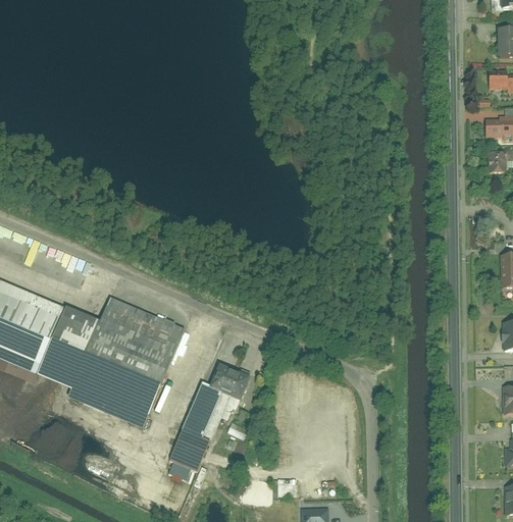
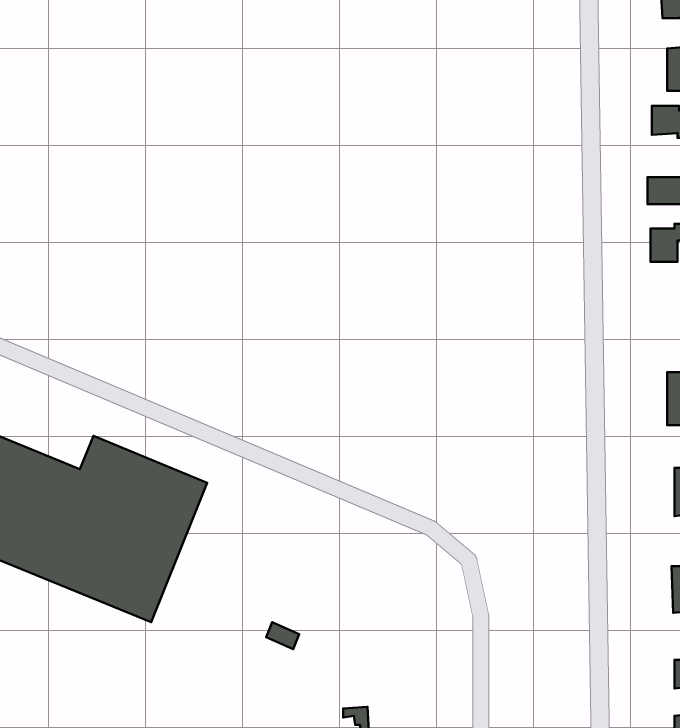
building: [168,363,253,474] -> none

